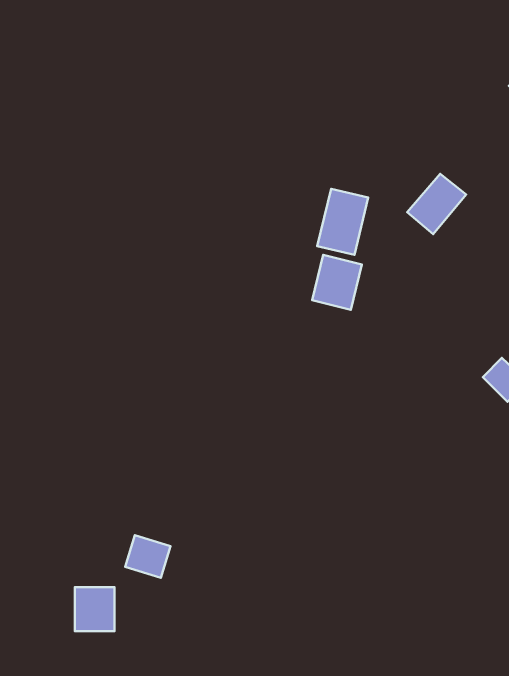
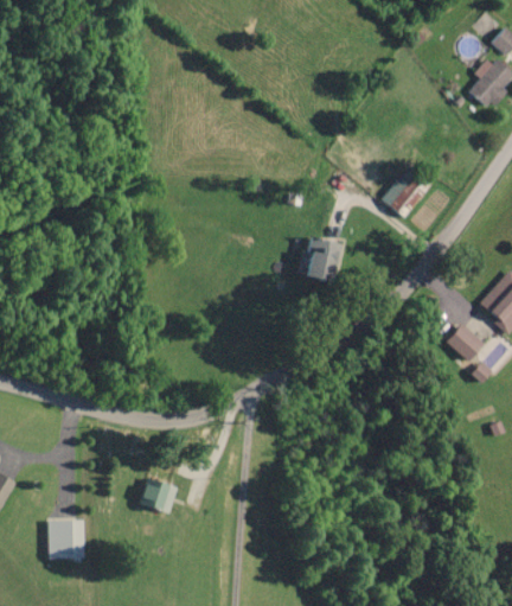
building: [317,189,368,255] -> none
building: [75,587,115,631] -> [47,519,82,557]

